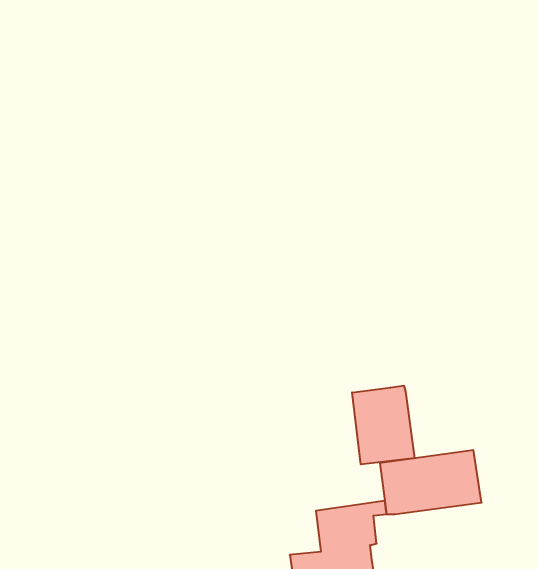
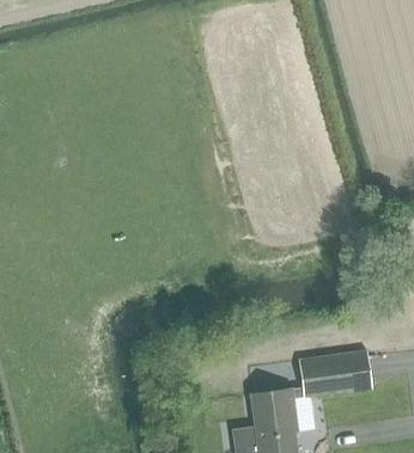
building: [352,386,414,464] -> none

